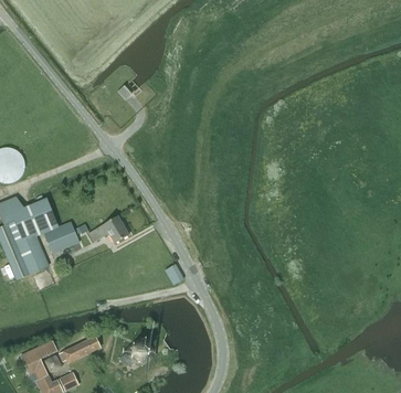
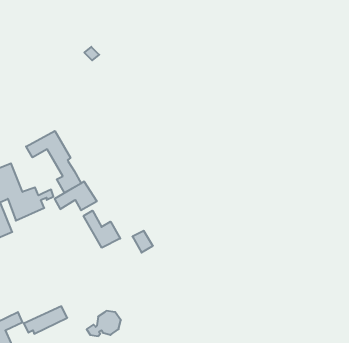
building: none -> [26,131,81,193]
building: none -> [84,211,120,248]

